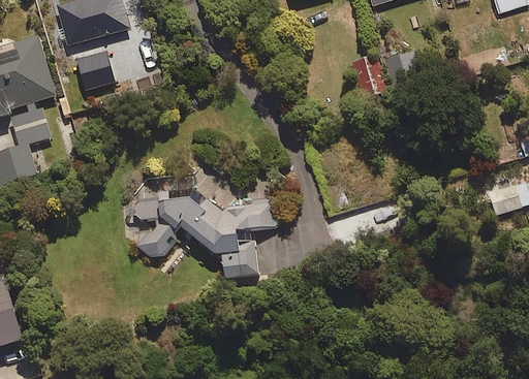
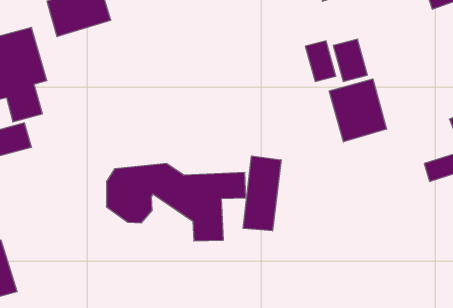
building: [77,52,113,89] -> none
building: none -> [329,79,387,142]
building: none -> [243,156,281,231]

